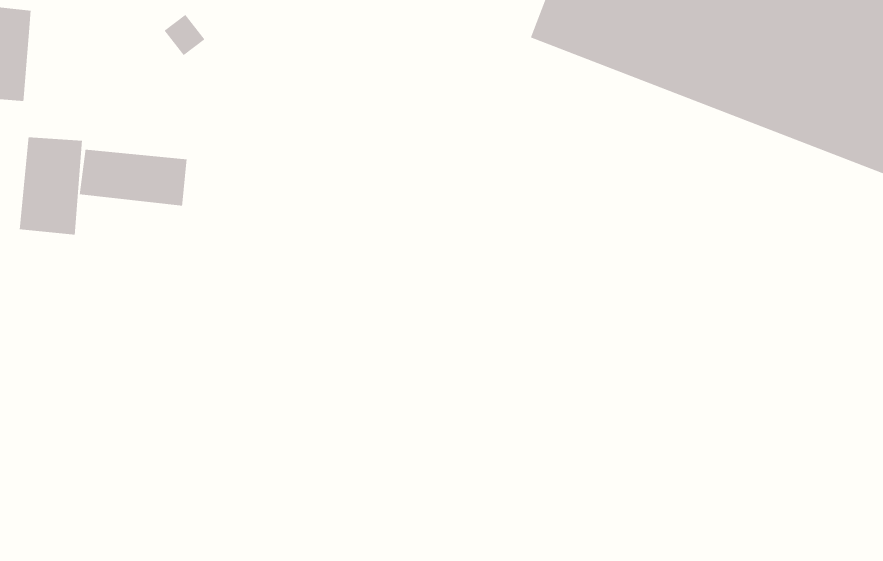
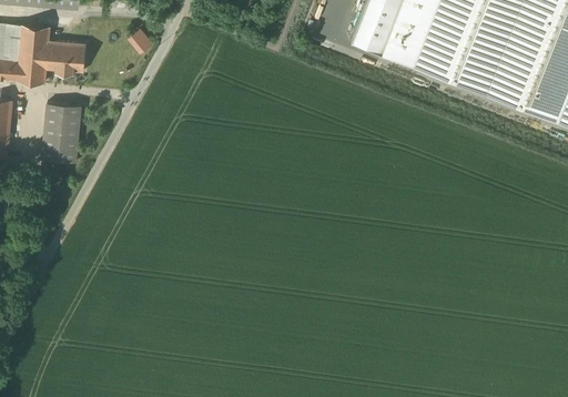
building: none -> [45,37,85,72]
building: [79,149,187,206] -> none

